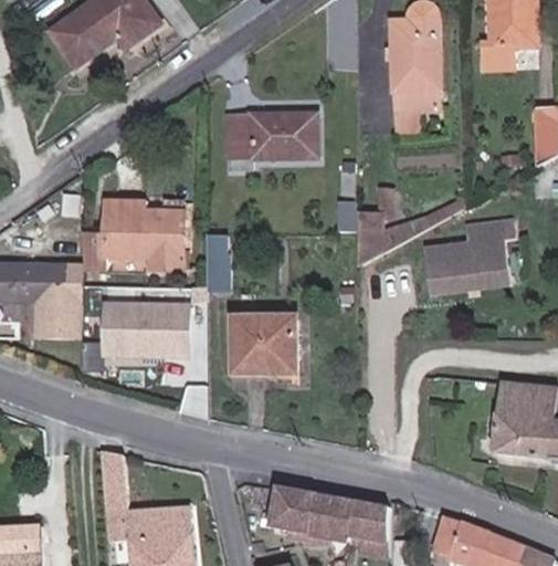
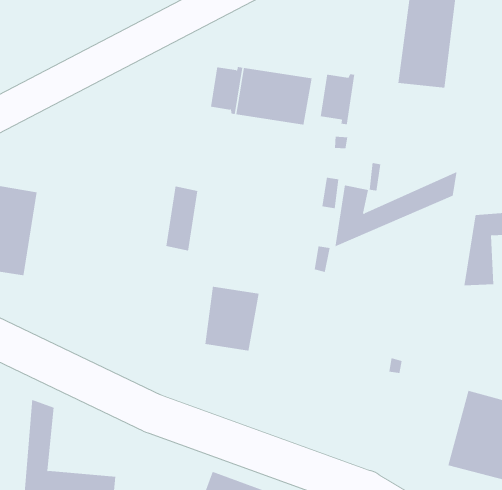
building: none -> [320,74,355,125]
building: [81,190,185,264] -> none
building: [424,219,484,294] -> none
building: [103,303,189,365] -> none
building: [233,322,255,376] -> none

